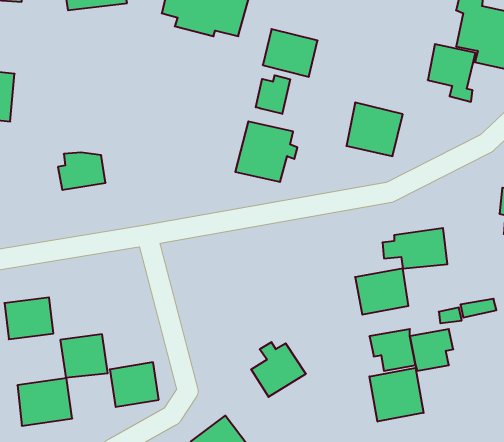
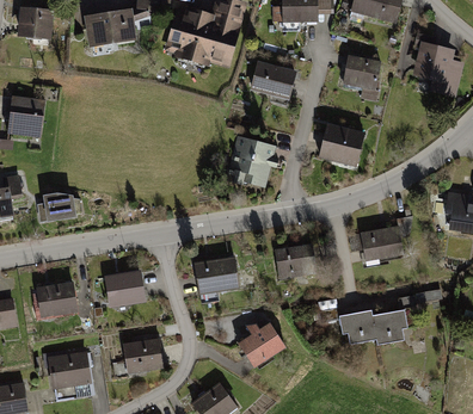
building: [428,44,475,102] -> [342,55,381,103]
building: [256,75,290,114] -> none
building: [58,152,106,190] -> [37,193,76,224]
building: none -> [195,258,238,295]
building: [355,268,408,315] -> [274,242,318,280]
building: [60,334,108,377] -> [104,272,143,308]
building: [369,368,424,422] -> none

